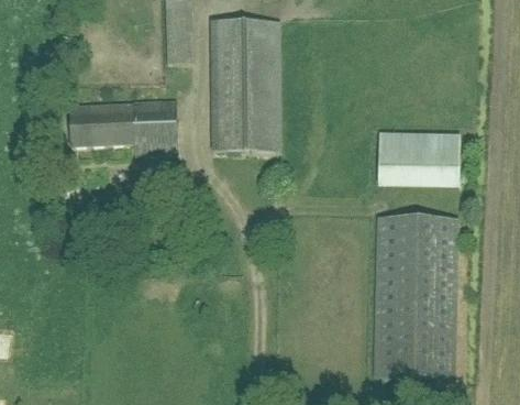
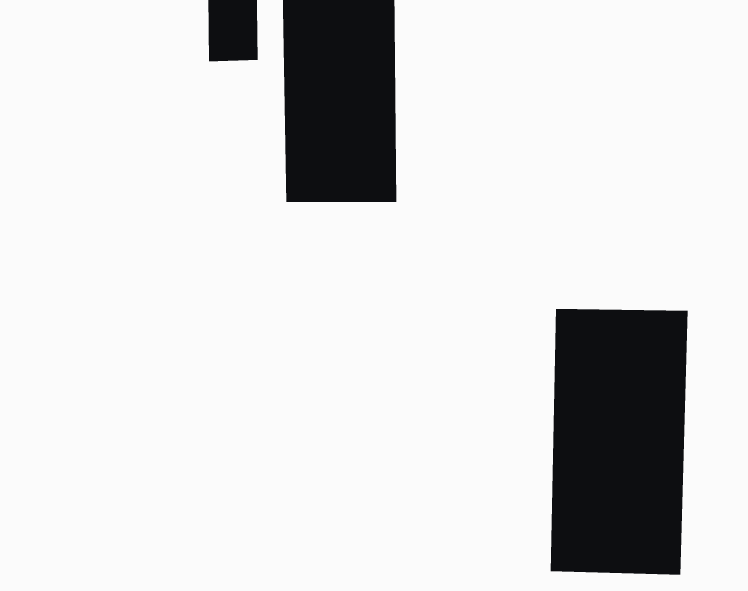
building: [69,97,177,152] -> none
building: [383,132,463,187] -> none

